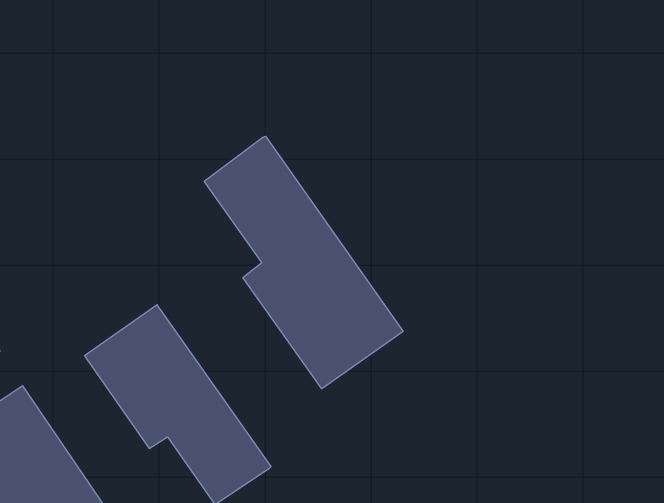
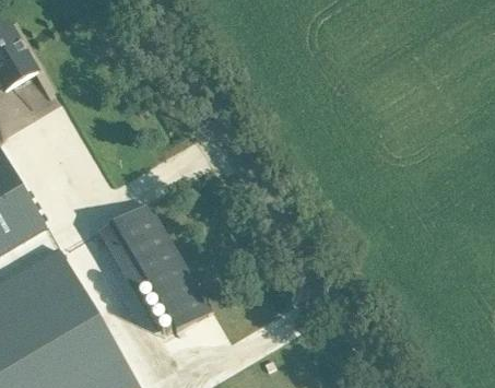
building: [204,136,403,389] -> none

